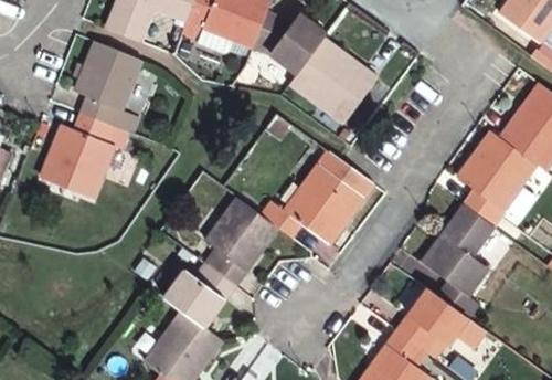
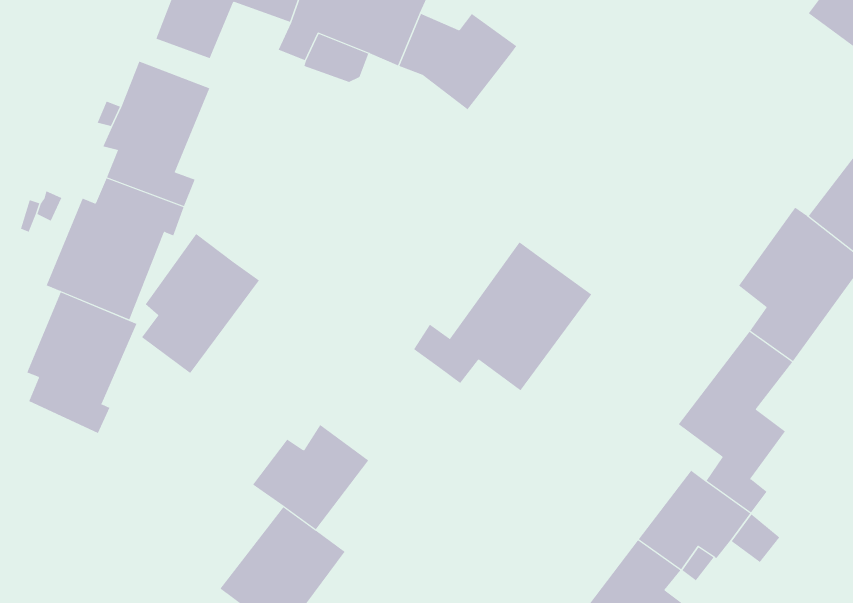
building: [289,38,375,122] -> none
building: none -> [27,291,137,434]
building: [206,199,278,284] -> [141,233,260,374]

